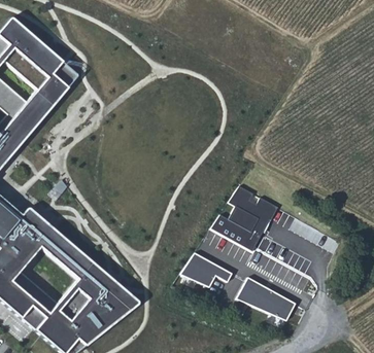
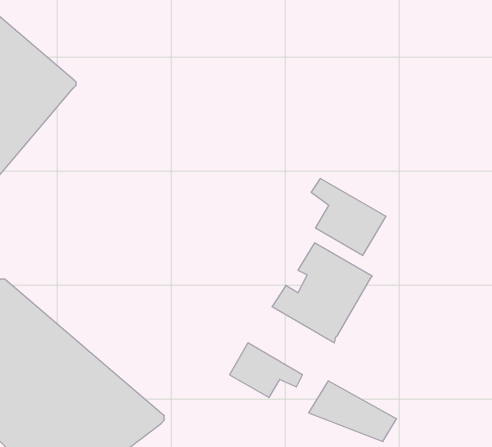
building: none -> [311,178,386,256]

